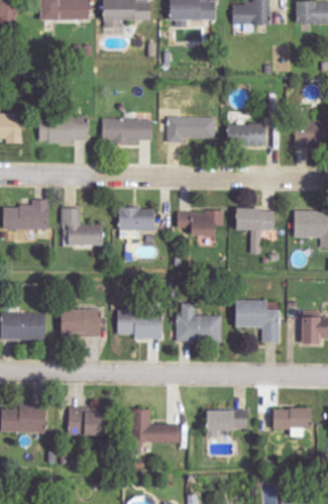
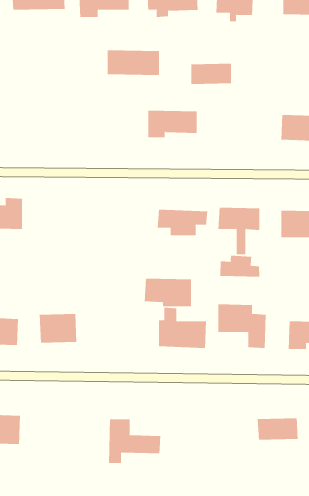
building: [38,115,88,141] -> none
building: [102,118,152,142] -> [107,50,160,75]
building: [227,124,266,144] -> [190,63,232,84]
building: [62,207,101,245] -> none
building: [118,208,152,230] -> none
building: none -> [220,255,260,278]
building: [117,311,162,338] -> [144,278,192,307]
building: [69,406,106,435] -> none
building: [204,410,250,437] -> none

